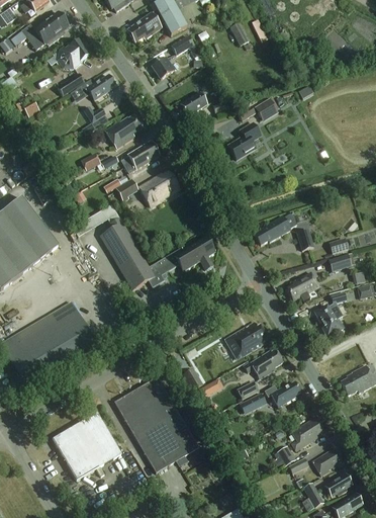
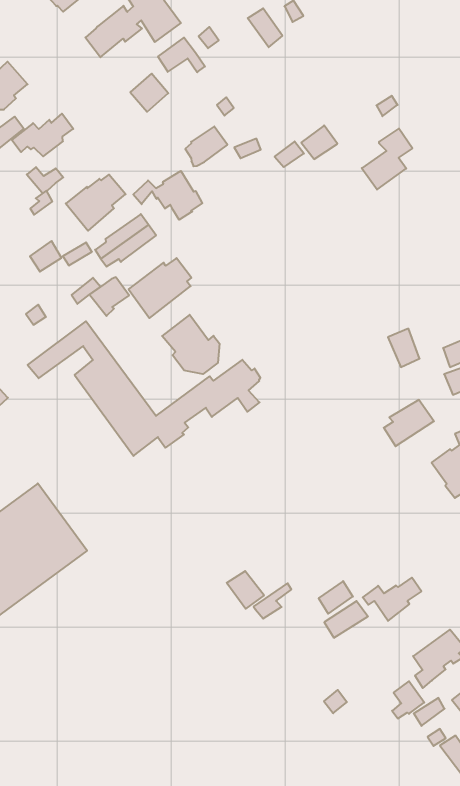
building: none -> [133,171,202,220]
building: [227,122,260,159] -> [362,128,412,190]
building: none -> [162,315,219,374]
building: [254,217,289,245] -> none
building: [223,321,269,358] -> none
building: [243,348,282,377] -> none
building: [115,376,198,472] -> none
building: [52,412,120,480] -> none

